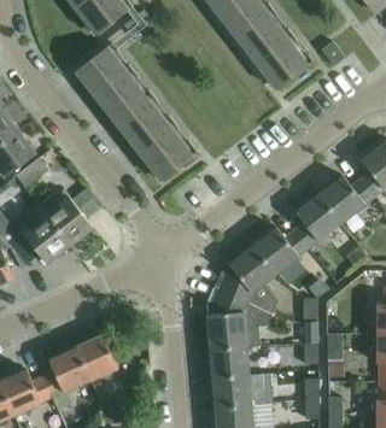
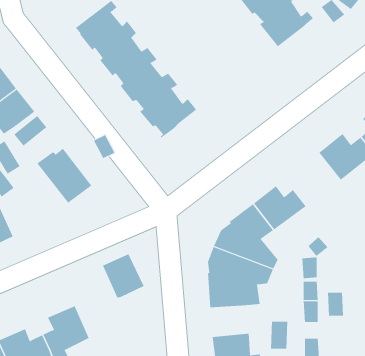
building: [293,195,340,248] -> none
building: [16,206,69,264] -> none
building: [76,335,118,380] -> [102,253,145,298]
building: [210,347,250,379] -> none

